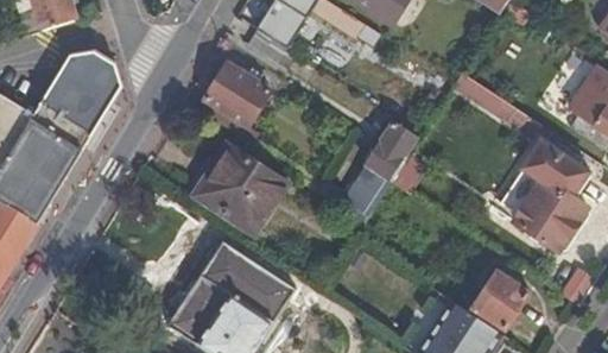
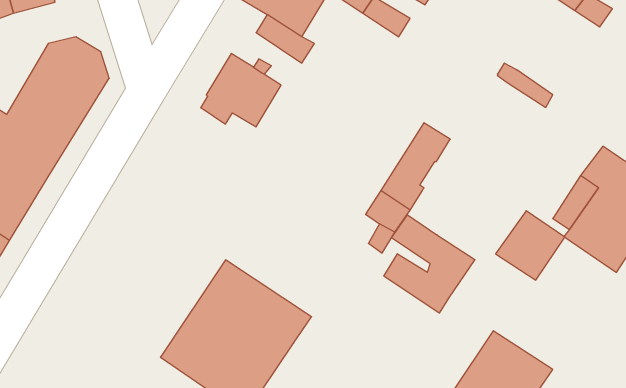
building: [200,144,283,227] -> none
building: none -> [384,215,475,313]
building: [469,267,528,327] -> [496,211,565,280]

